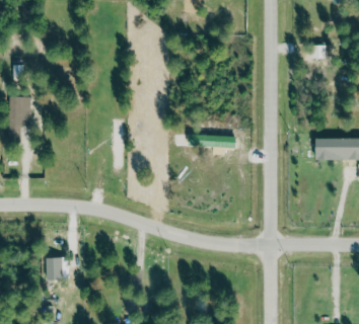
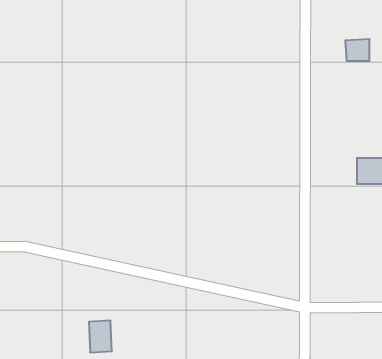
building: [45,256,63,281] -> [89,320,112,352]

